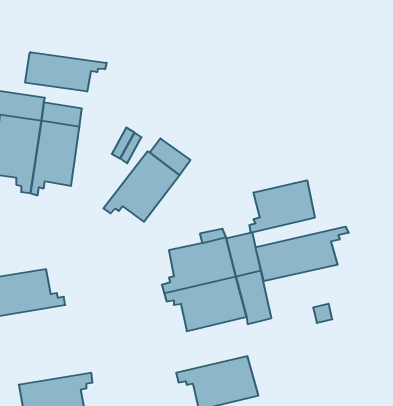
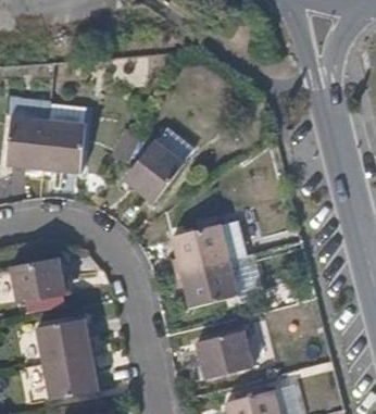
building: [25,52,107,92] -> none
building: [249,180,315,233] -> none
building: [256,227,349,281] -> none
building: none -> [27,316,99,361]

